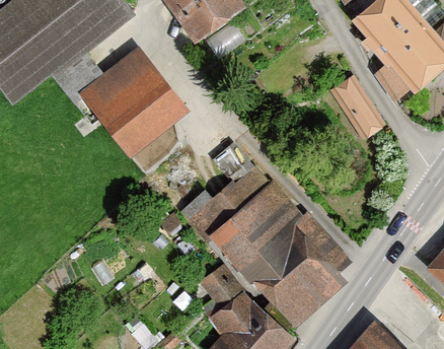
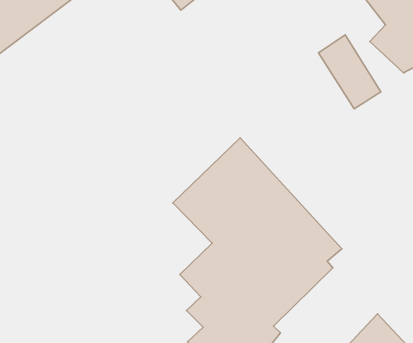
building: [78,45,192,157] -> none

